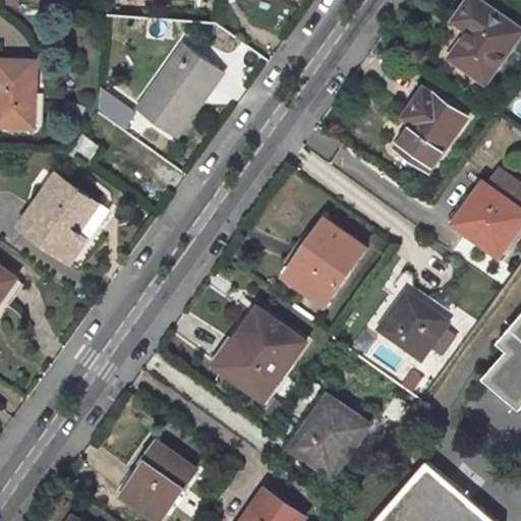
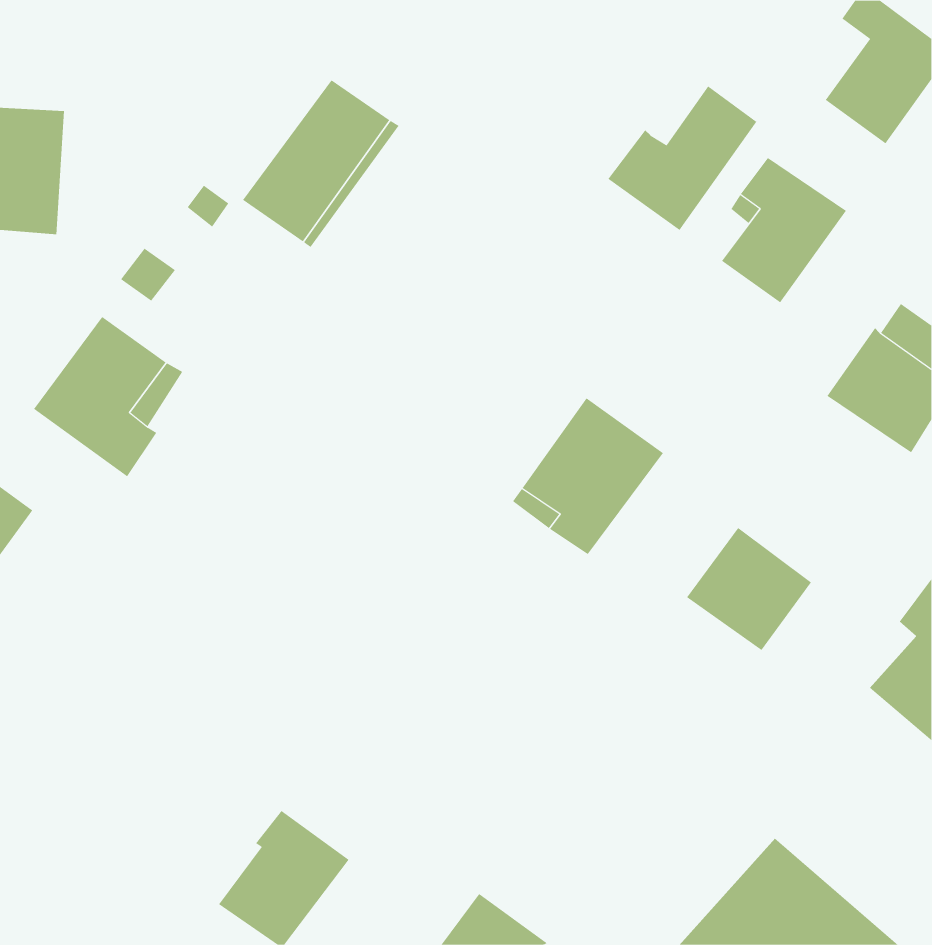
building: none -> [608,86,757,231]
building: [219,309,303,400] -> none
building: [292,399,367,475] -> none

